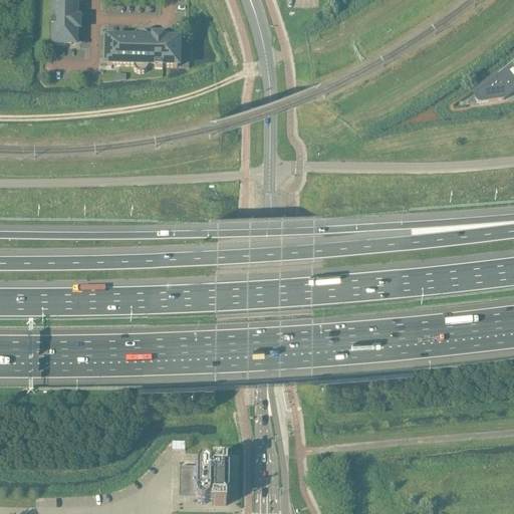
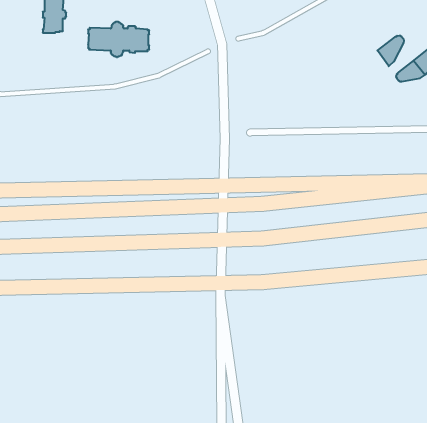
building: none -> [377,35,404,66]
building: [181,455,230,499] -> none

